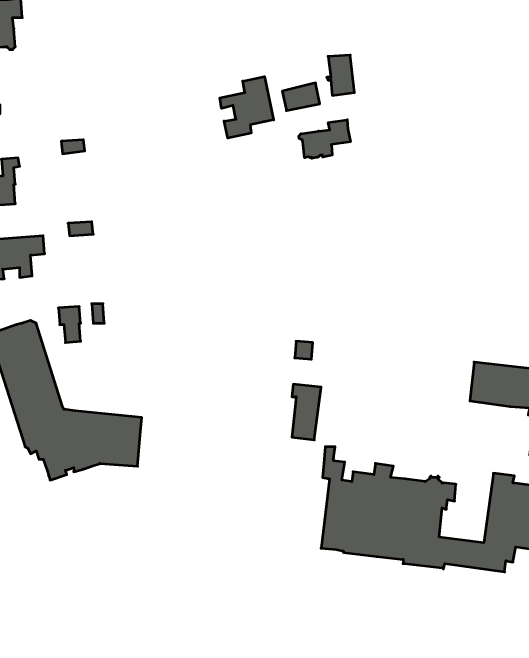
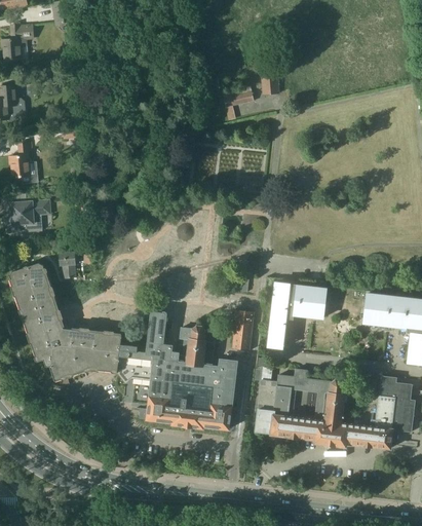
building: [220,77,274,138] -> none
building: [299,120,350,158] -> none
building: none -> [268,283,327,347]
building: none -> [119,312,237,429]

